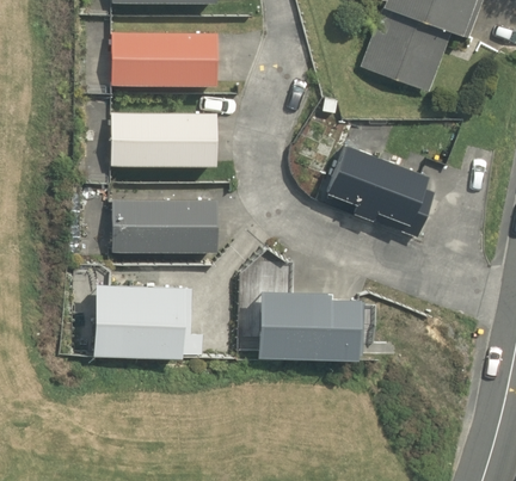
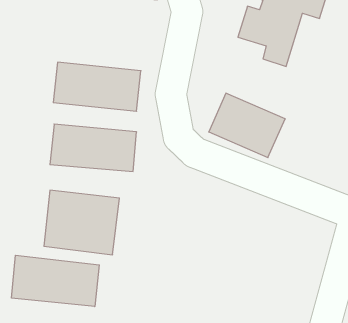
building: [103,24,225,88] -> none
building: [259,298,370,374] -> none
building: none -> [12,255,99,307]

